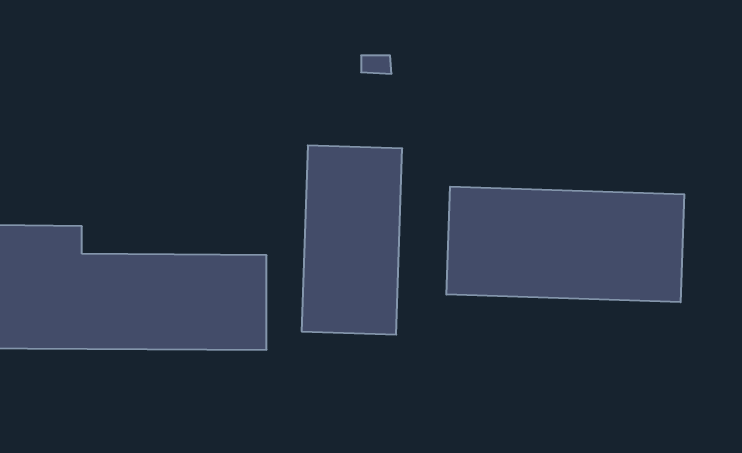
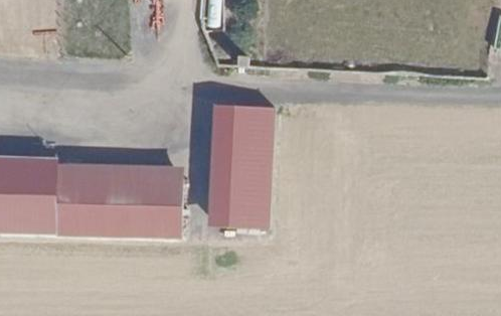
building: [446,187,684,302] -> none

